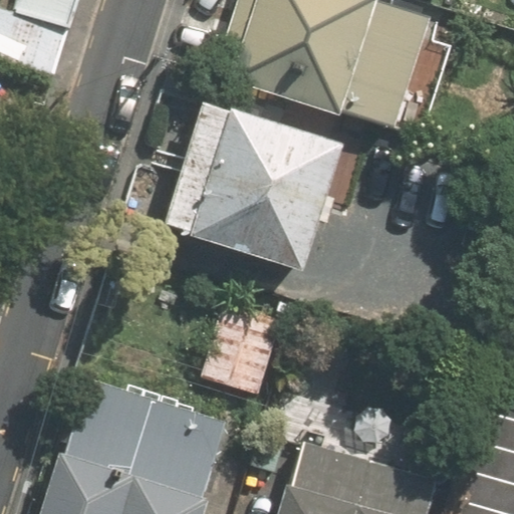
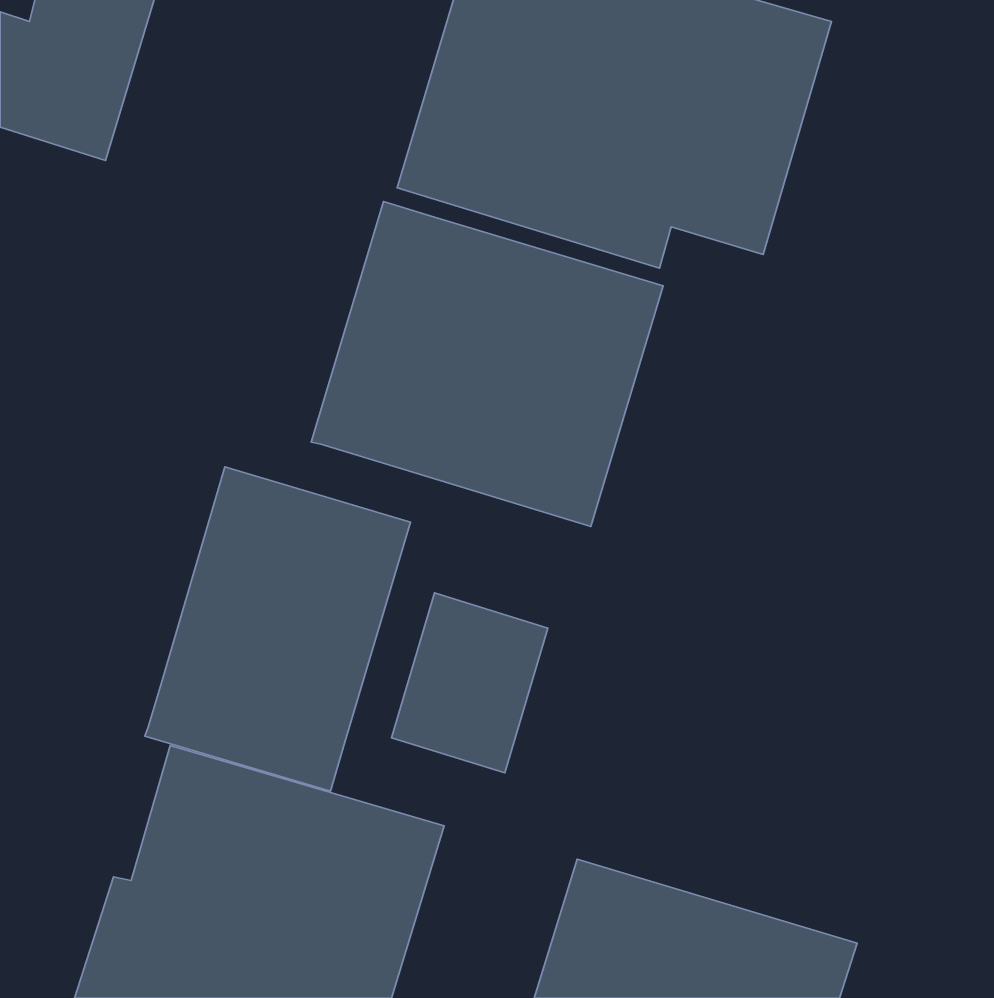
building: none -> [145,467,411,791]

